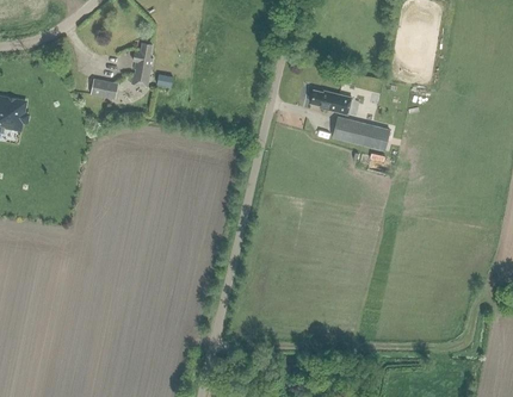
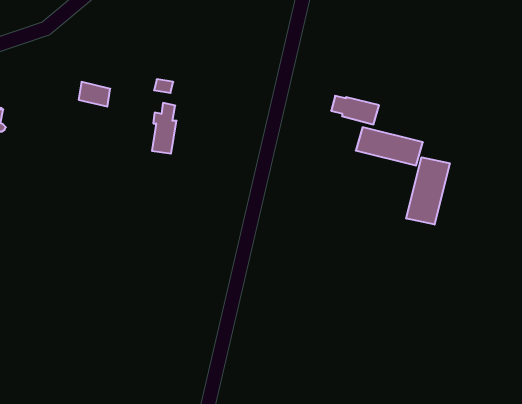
building: [130,42,152,86] -> [152,103,177,154]
building: none -> [406,157,450,225]

